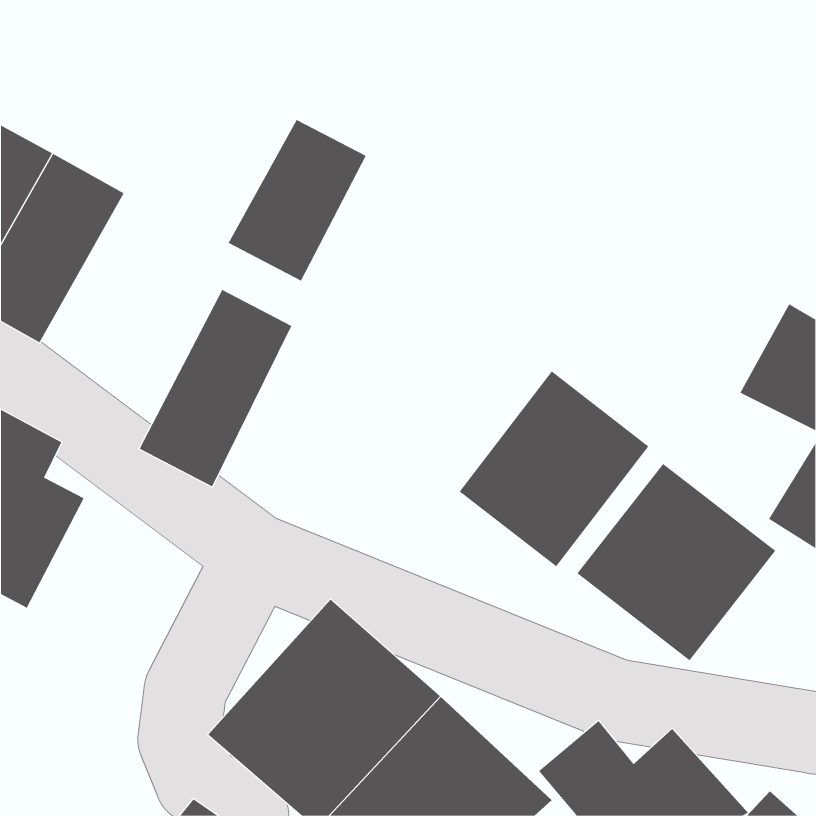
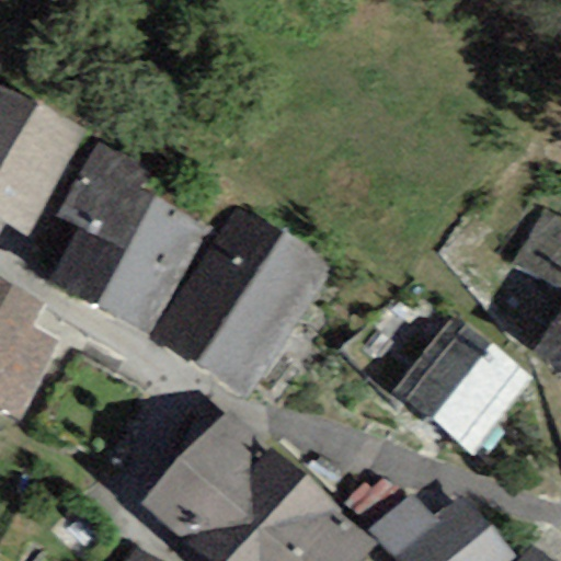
building: [228,119,367,281] -> none
building: none -> [50,144,152,308]
building: none -> [162,215,329,396]
building: [459,371,649,567] -> none

